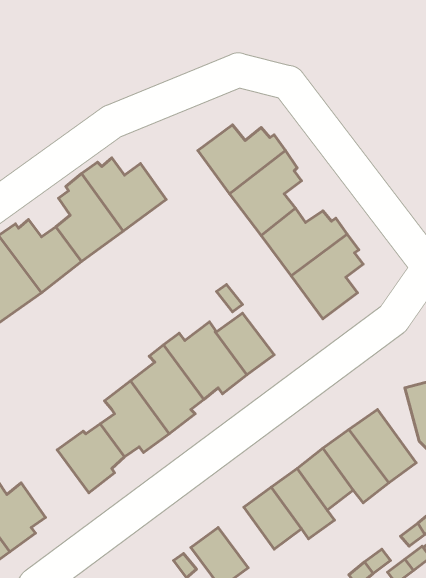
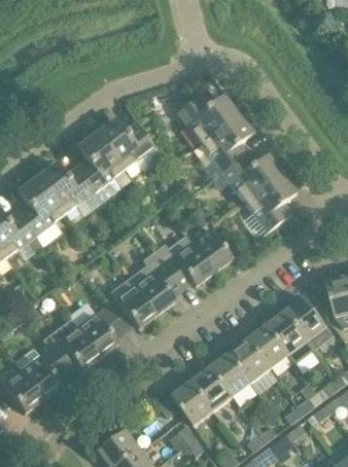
building: none -> [42,319,98,375]
building: none -> [190,368,231,411]

